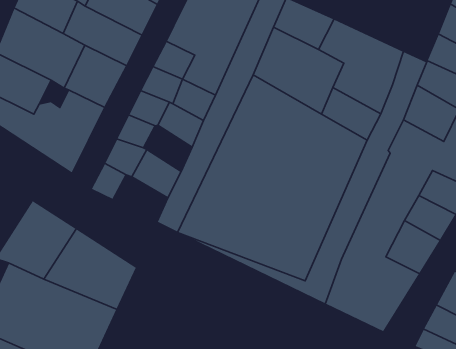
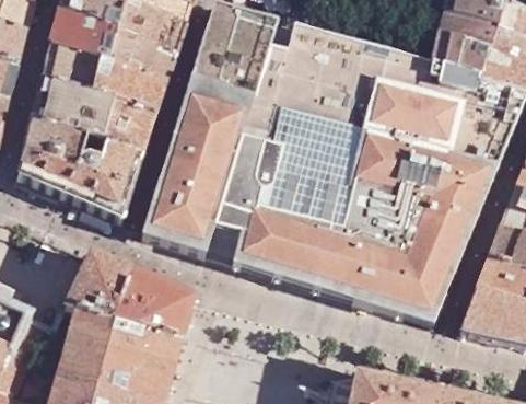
building: none -> [184,160,229,199]
building: none -> [163,210,213,250]

